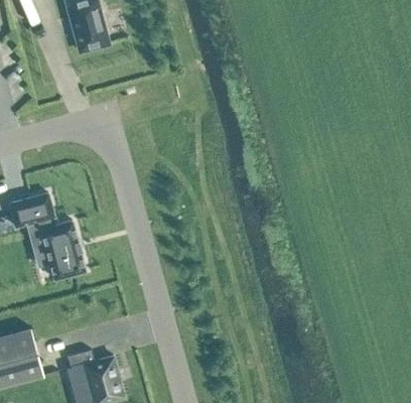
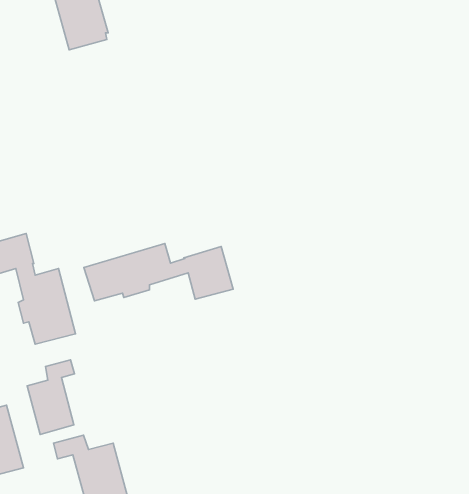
building: none -> [84,244,233,301]
building: none -> [27,360,75,434]

